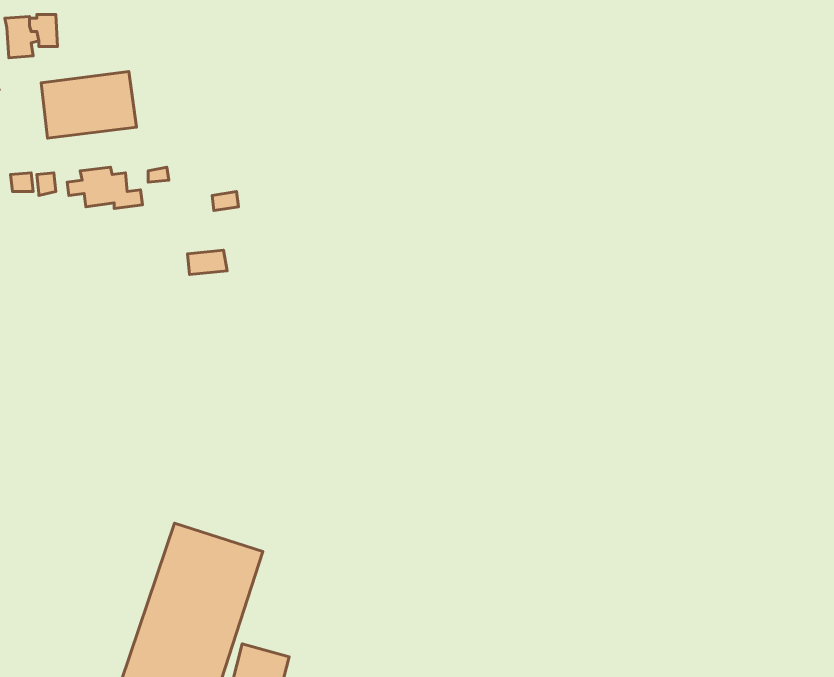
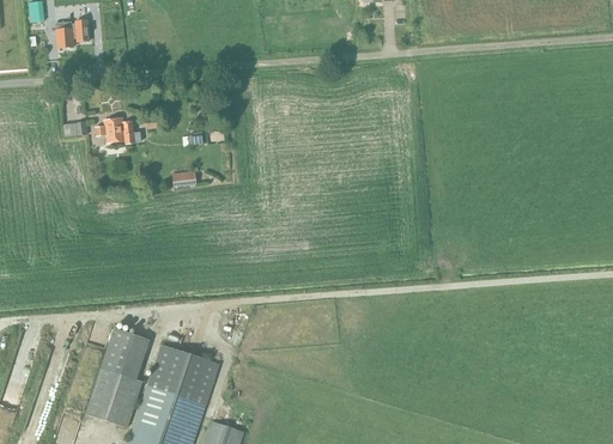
building: [41,71,137,138] -> none
building: none -> [85,328,151,427]

